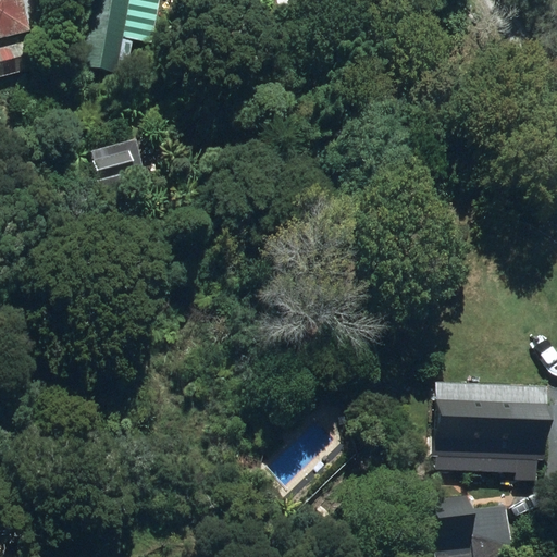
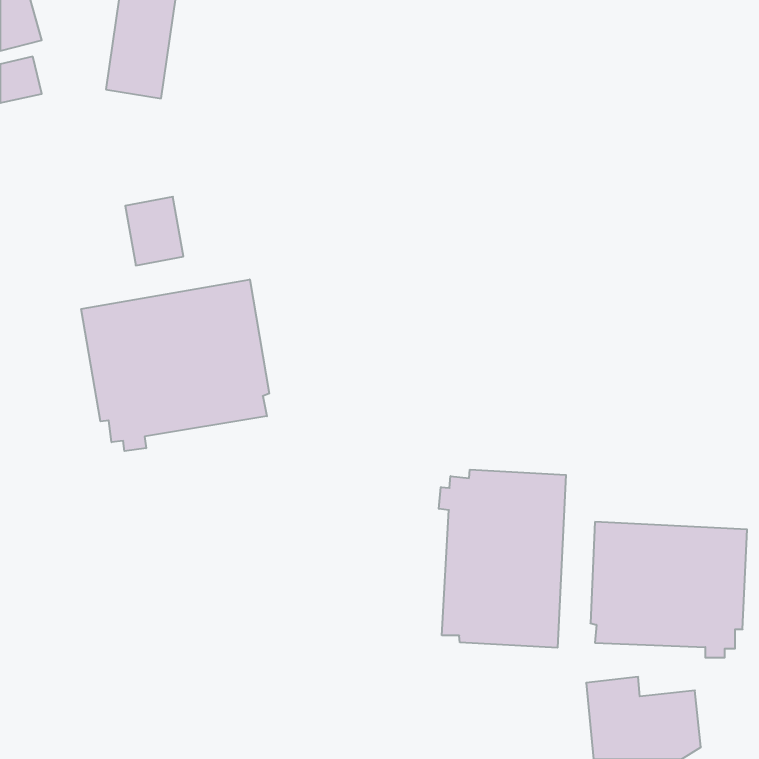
building: none -> [81,279,269,451]
building: none -> [439,470,566,648]

